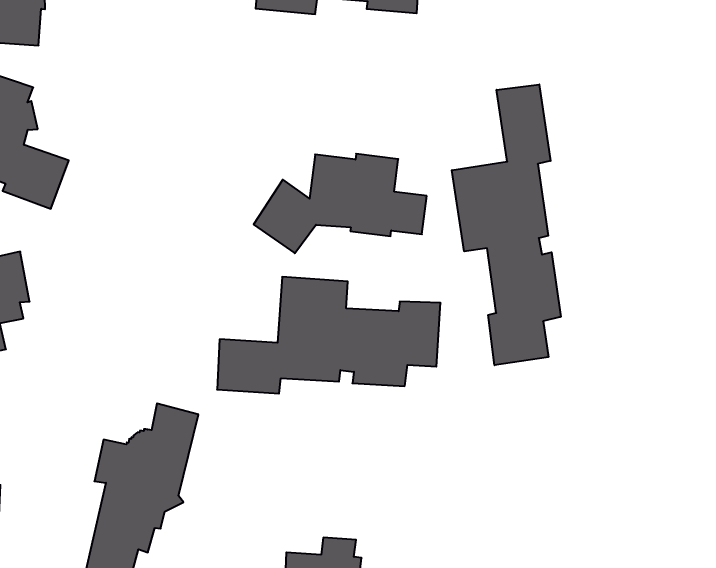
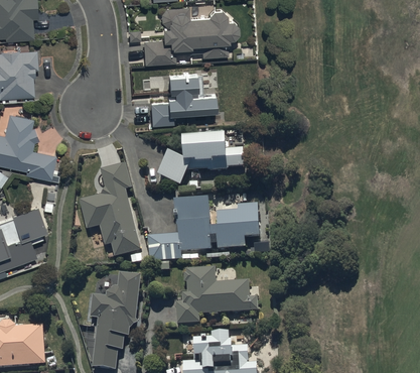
building: none -> [149,73,216,126]
building: [452,84,561,365] -> none
building: none -> [79,162,142,263]
building: none -> [175,266,259,324]

